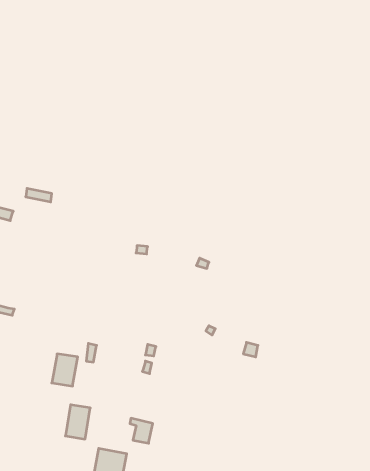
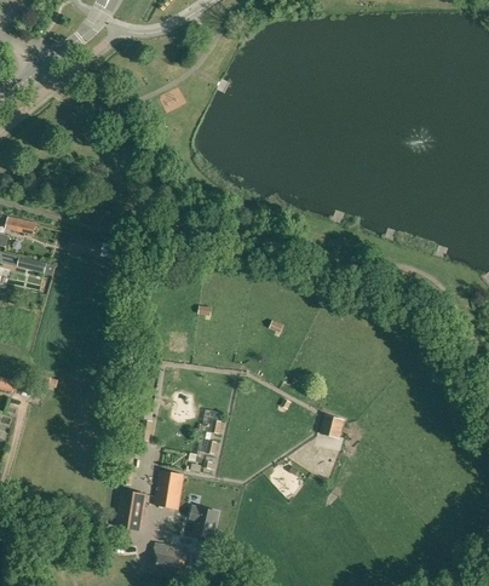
building: [52,354,78,386] -> [154,471,184,509]

